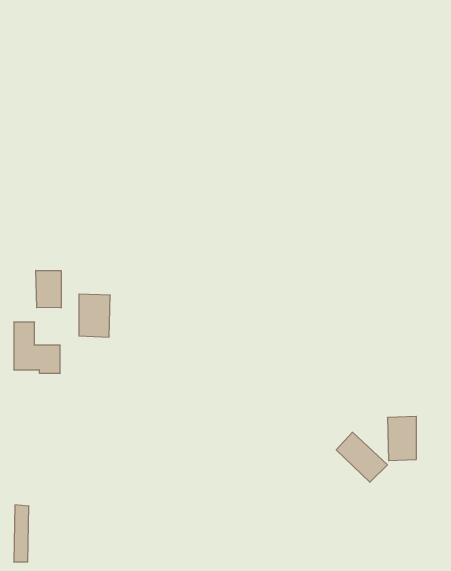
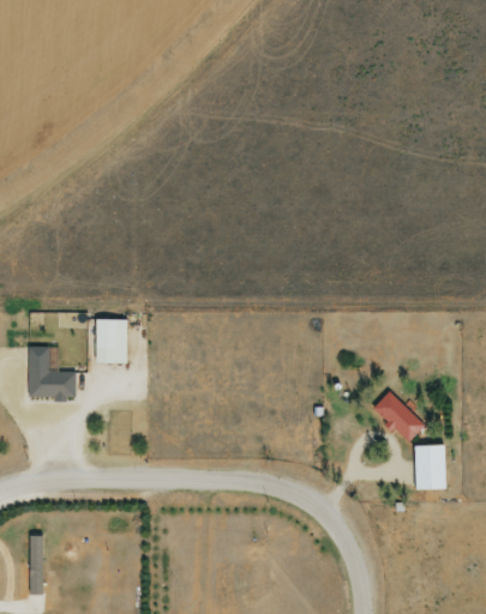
building: [36,270,61,308] -> none
building: [336,432,387,482] -> [373,391,426,443]

